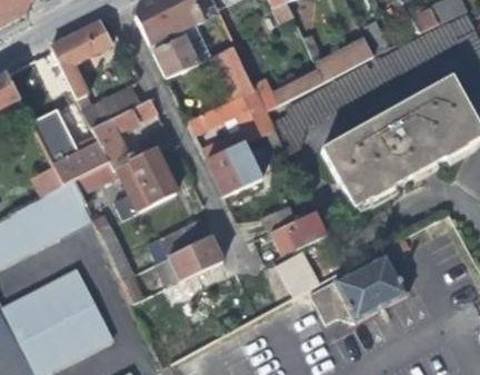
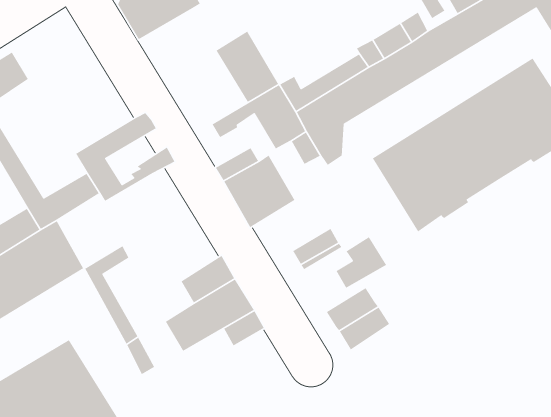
building: [51,21,142,128] -> none
building: [149,23,208,78] -> none
building: [76,148,172,208] -> none
building: [303,251,406,326] -> none

